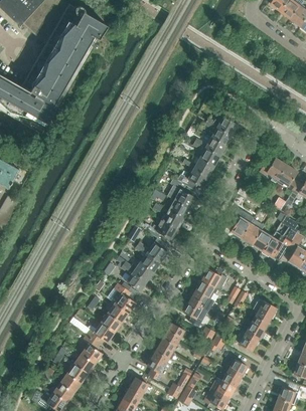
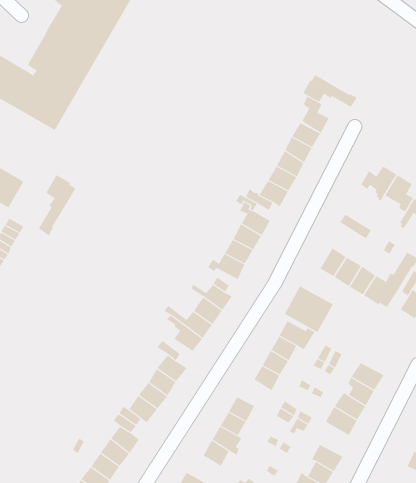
building: none -> [303,74,358,108]
building: none -> [38,174,76,236]
building: none -> [284,285,333,333]

